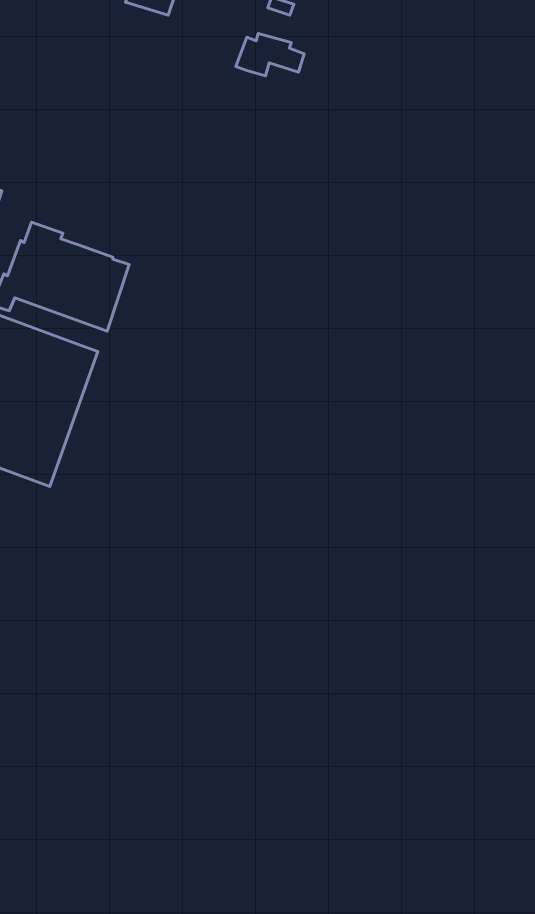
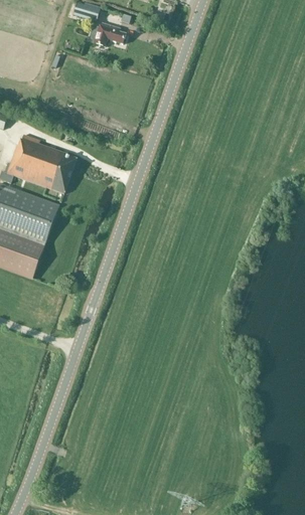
building: [236,33,304,76] -> [88,22,125,45]

